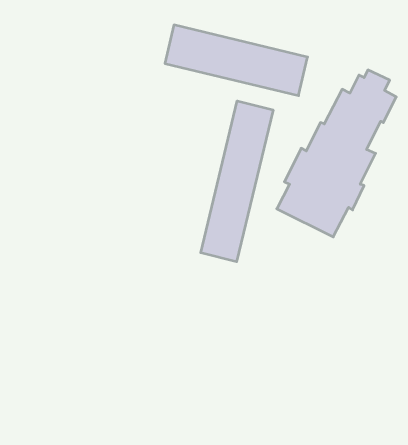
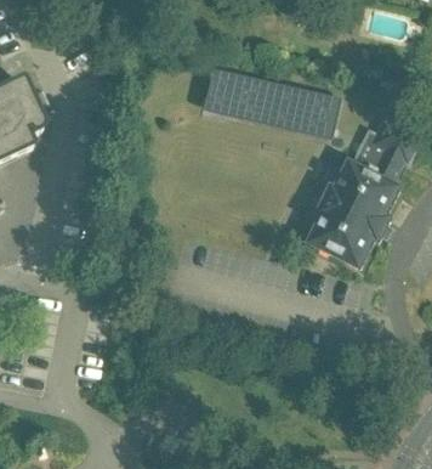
building: [201,101,273,262] -> none

